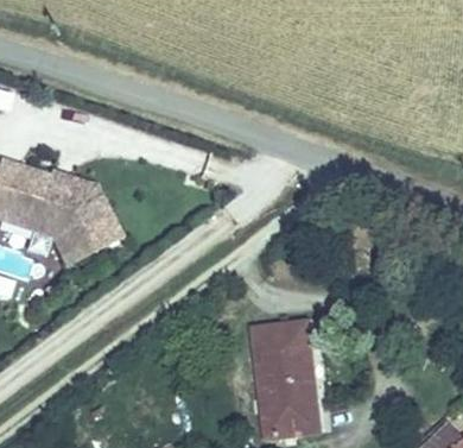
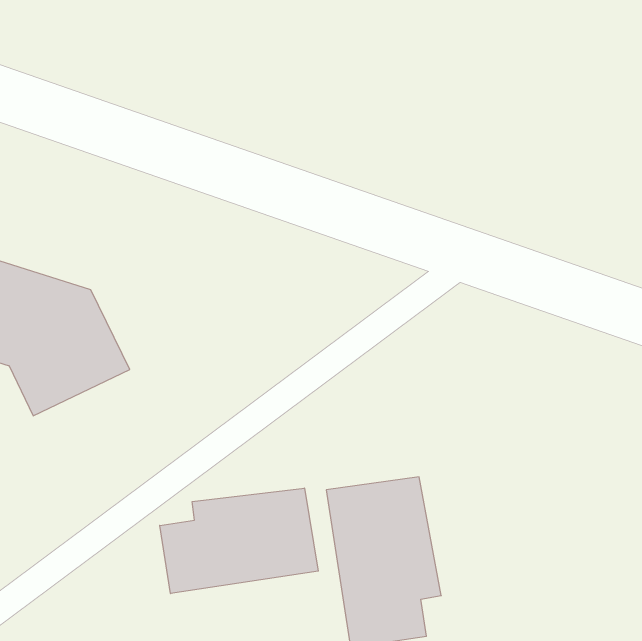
building: none -> [160,488,318,594]

